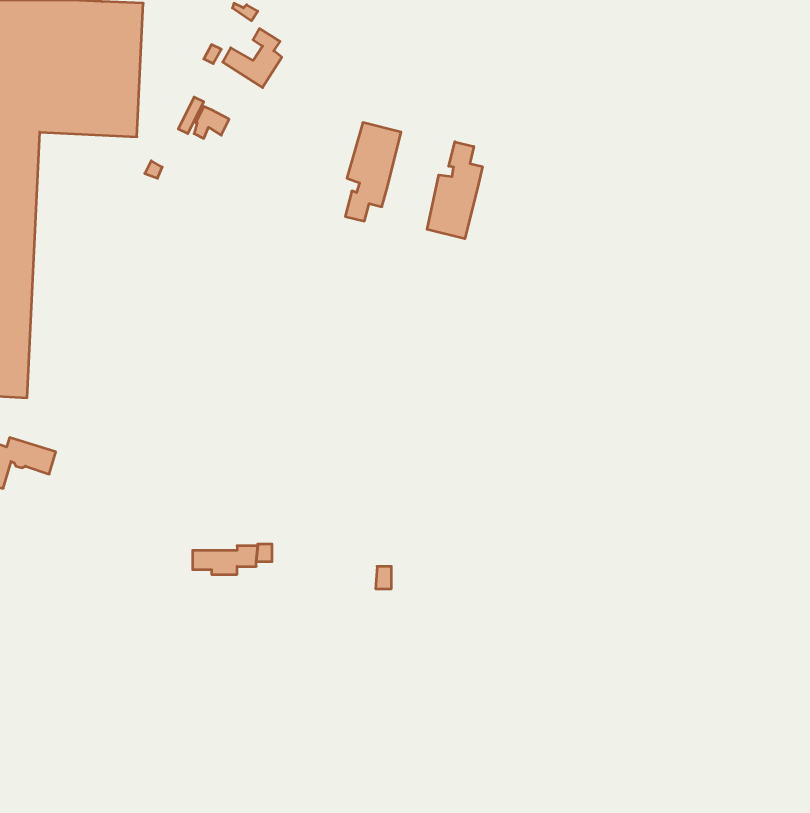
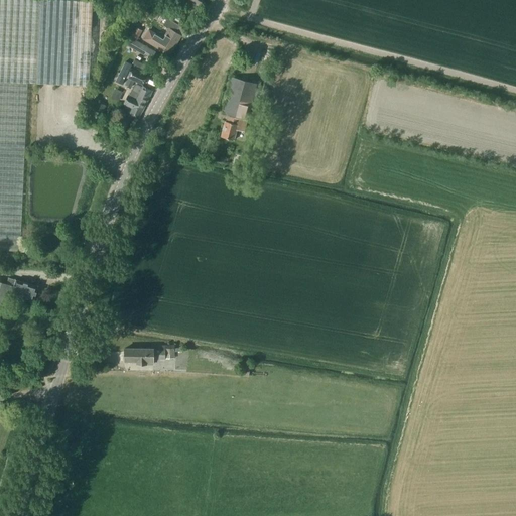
building: none -> [121,85,149,118]
building: [427,142,482,239] -> none

